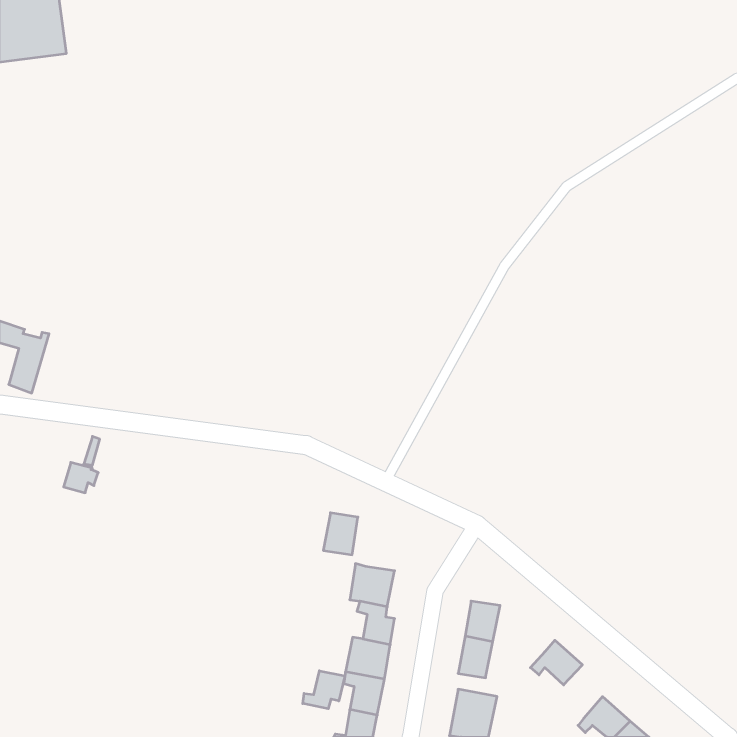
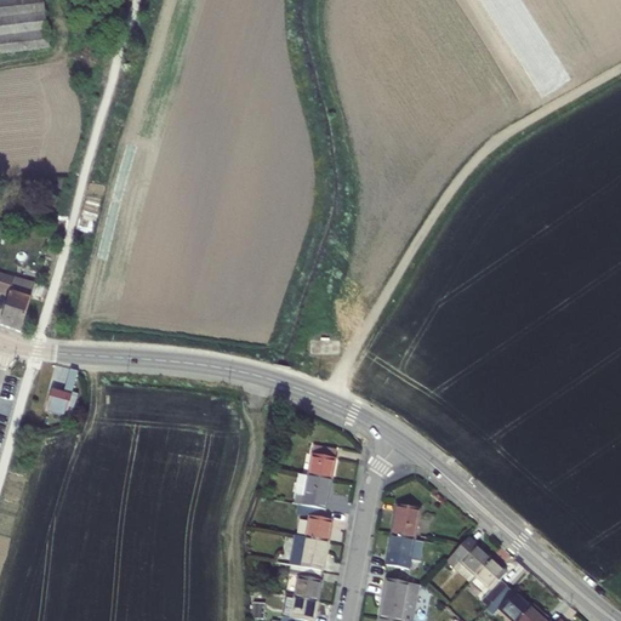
building: [323,513,358,555] -> [307,444,336,479]
building: none -> [473,558,506,603]
building: [303,671,345,709] -> none

